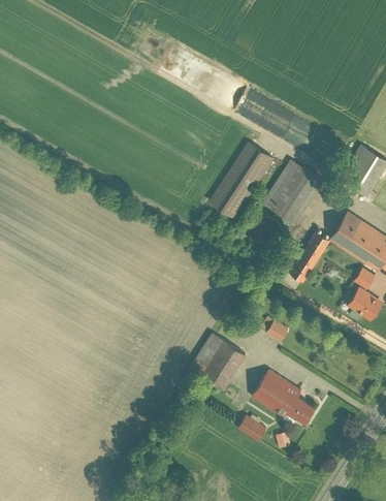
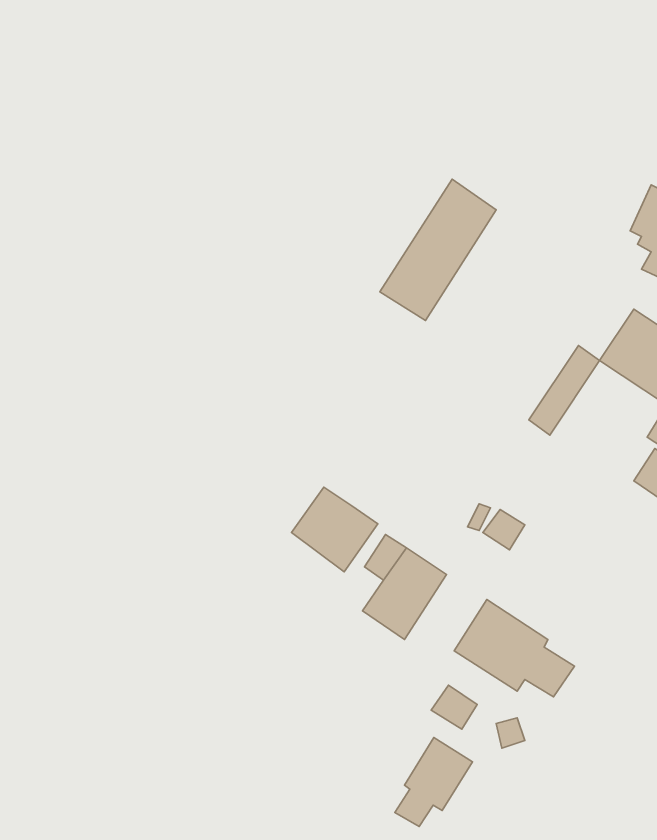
building: [261,159,322,224] -> none
building: none -> [292,487,378,572]
building: none -> [395,737,473,826]

